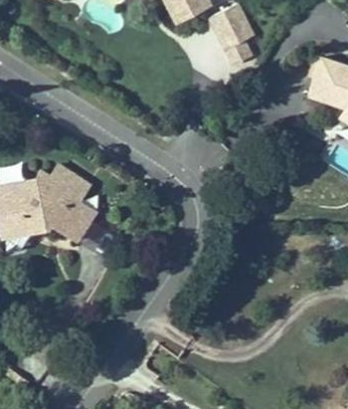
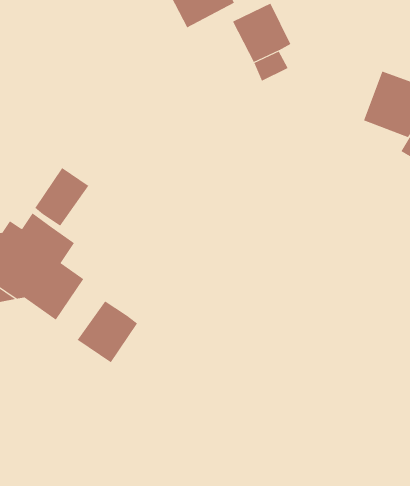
building: none -> [34,167,89,227]
building: none -> [77,300,138,363]

